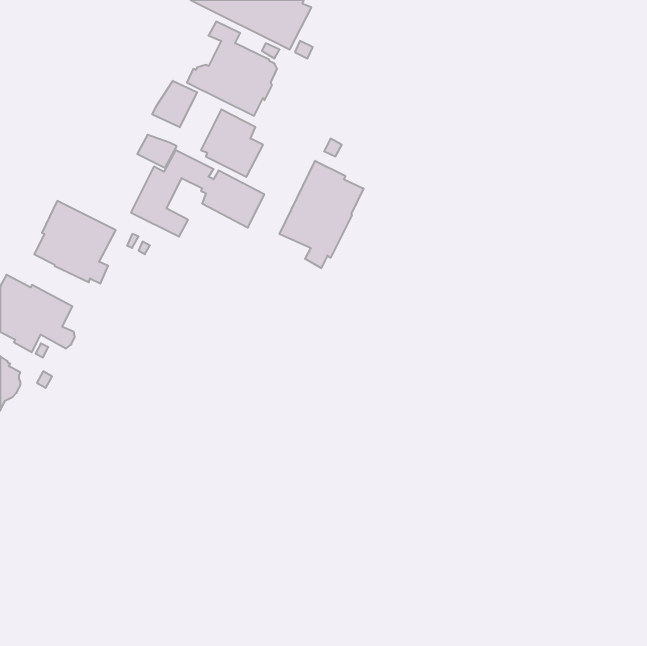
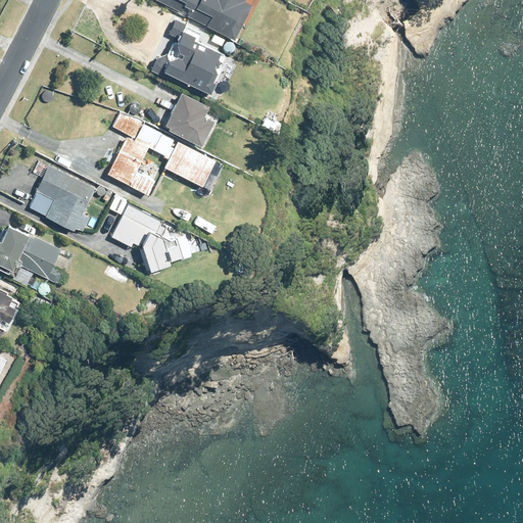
building: [152,81,197,127] -> none
building: [280,161,364,268] -> none
building: none -> [110,203,184,271]

